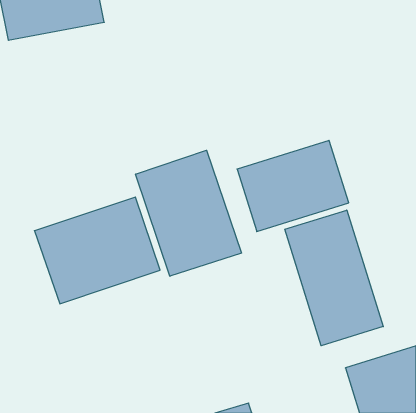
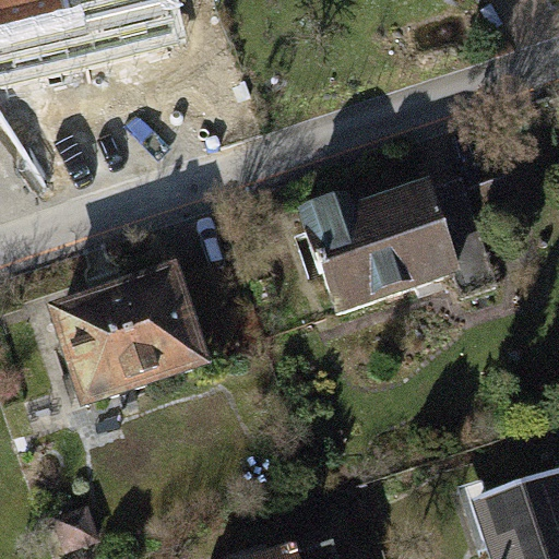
building: [136,150,241,276] -> none
building: [285,210,383,346] -> none

